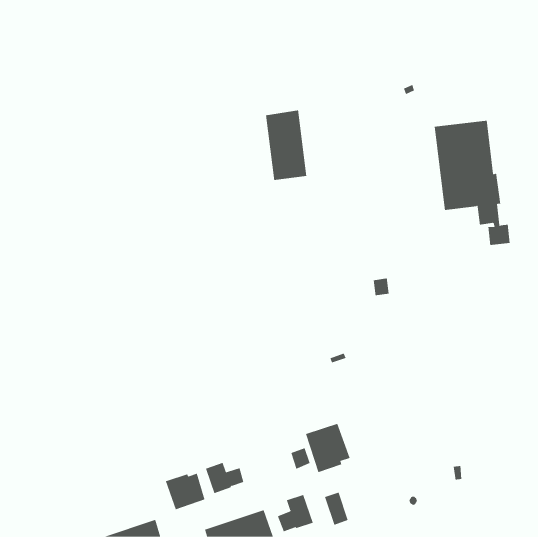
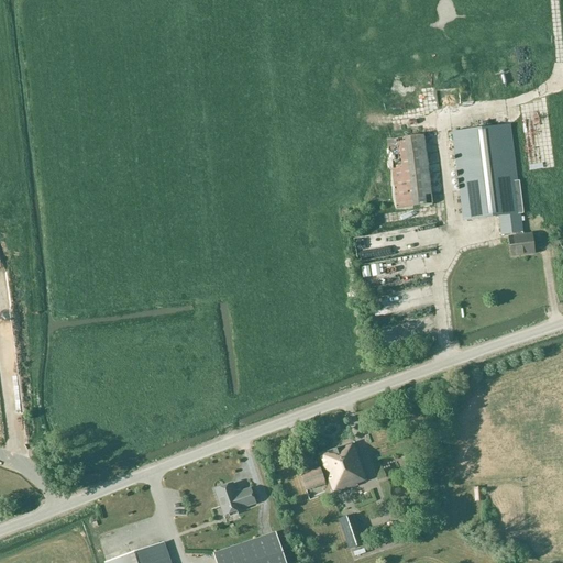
building: [265,110,307,180] -> [388,135,432,209]
building: [165,473,205,510] -> none
building: [277,494,314,532] -> none

